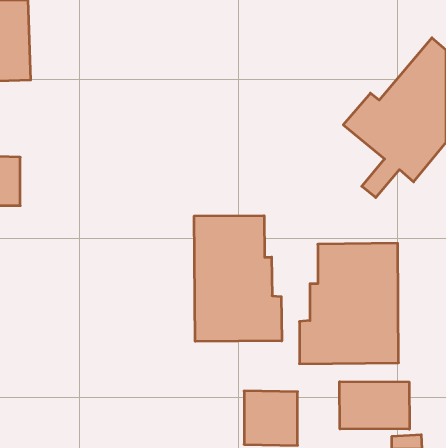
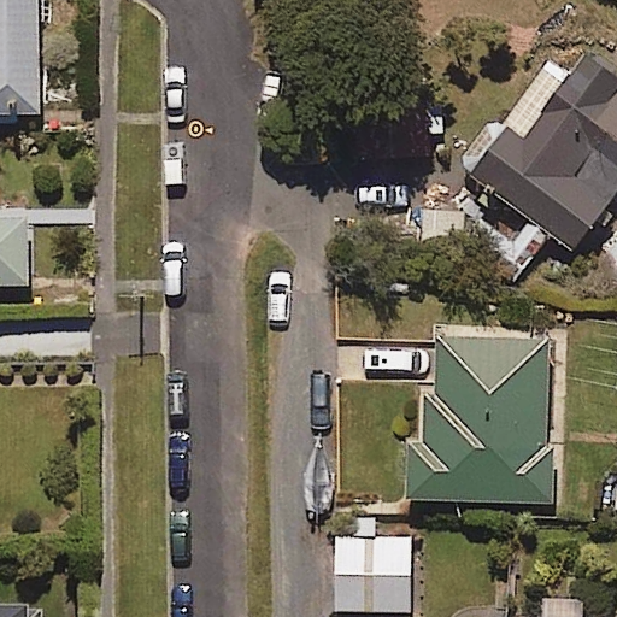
building: [194,216,282,341] -> none
building: [340,382,409,429] -> none

